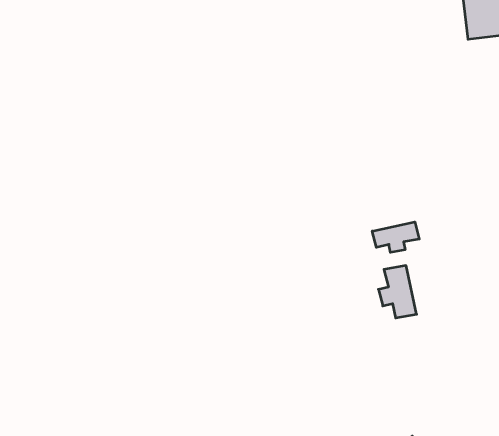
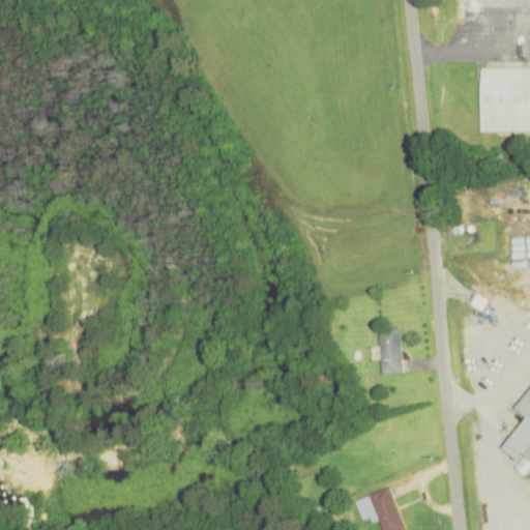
building: [372,222,419,252] -> none

